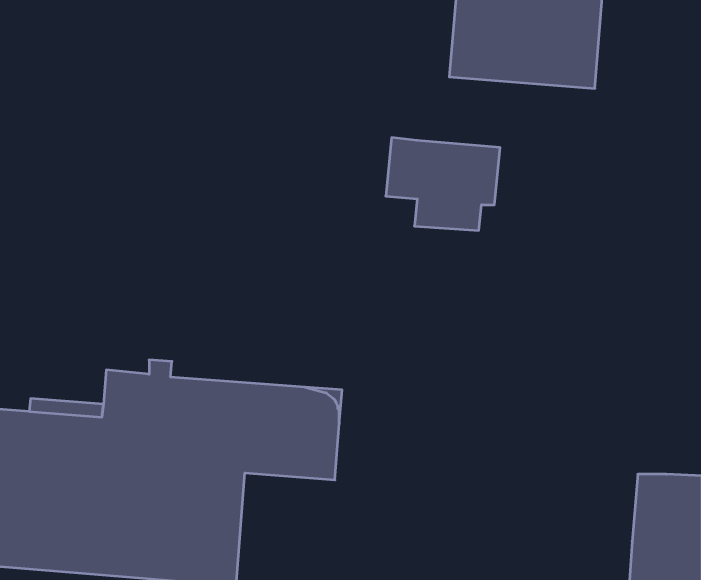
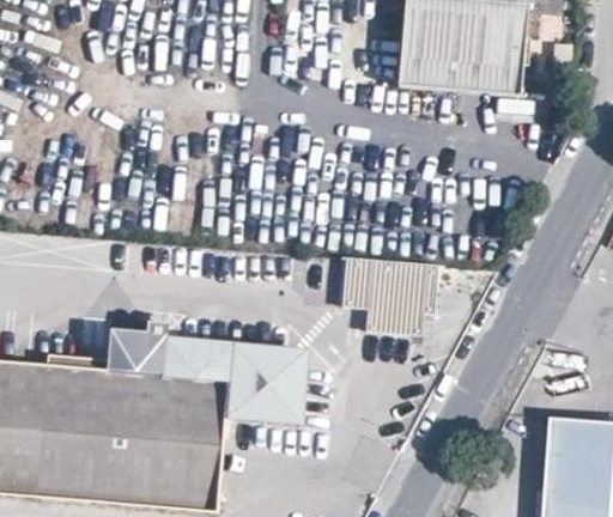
building: [386,138,500,230] -> [338,258,433,336]

